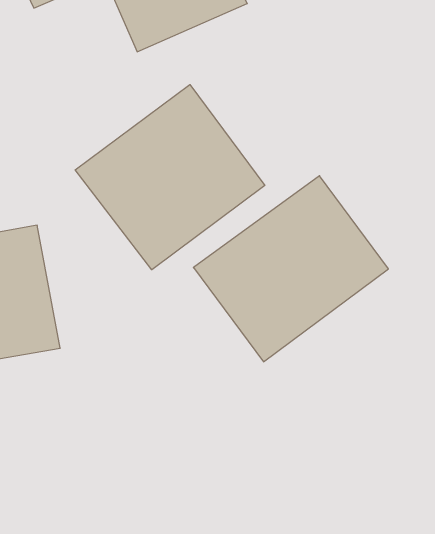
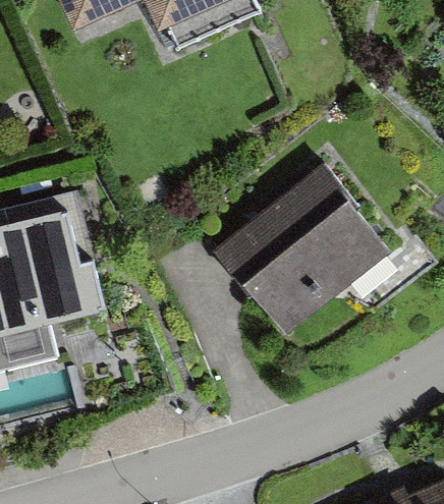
building: [75,85,265,270] -> none

